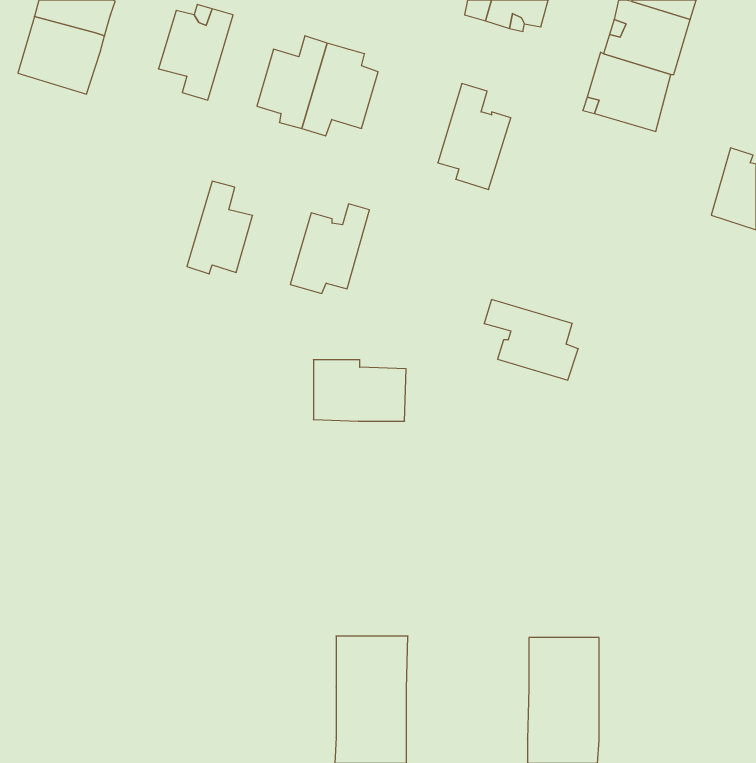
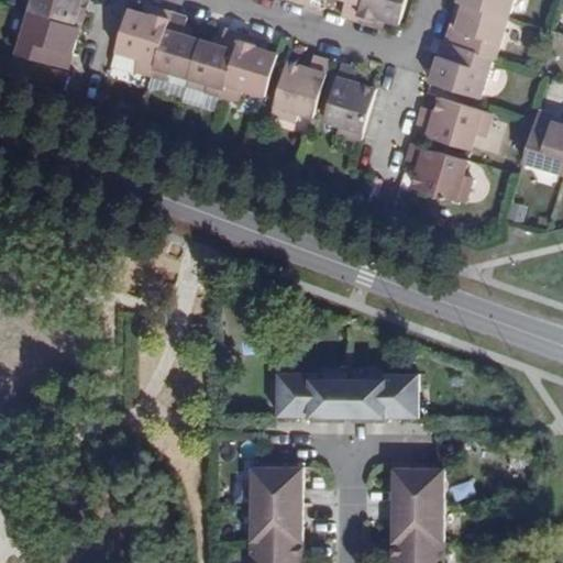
building: none -> [413,96,493,148]
building: [187,181,253,274] -> [153,11,201,79]
building: [290,204,369,293] -> [272,54,330,120]
building: [484,300,578,380] -> [405,141,474,200]
building: [313,360,406,421] -> [274,374,342,419]
building: none -> [347,375,416,420]

